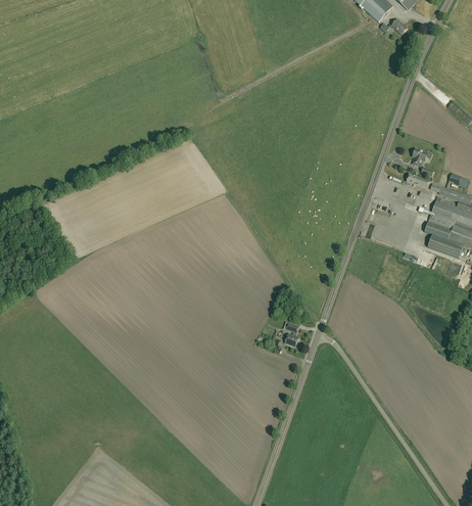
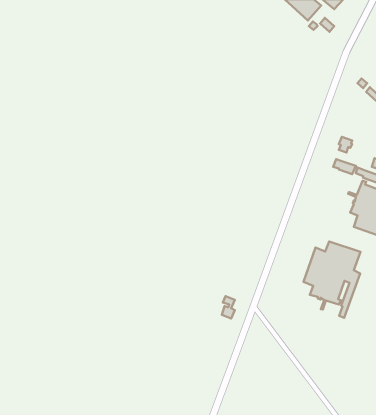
building: none -> [303,241,360,318]

